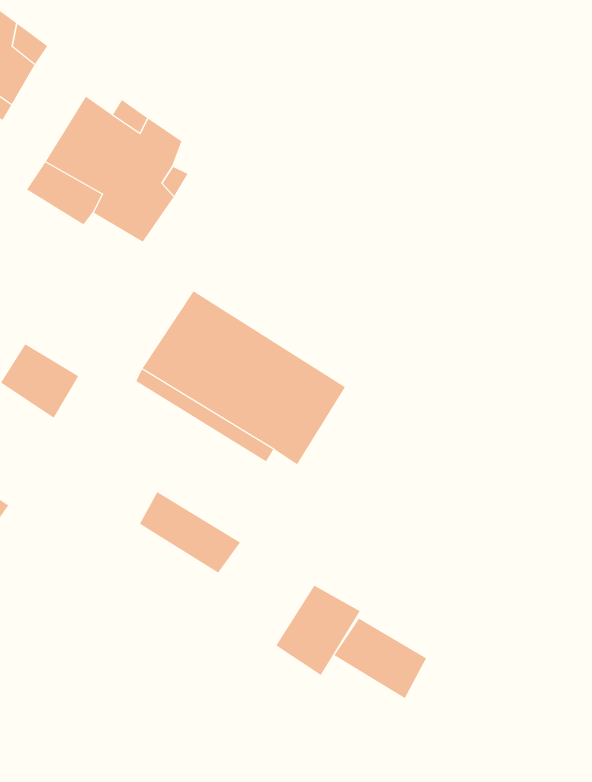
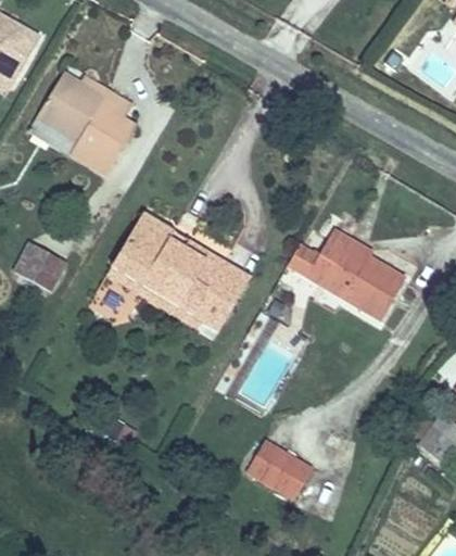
building: none -> [290,222,409,316]
building: [139,491,241,573] -> none
building: [276,585,360,676] -> none

